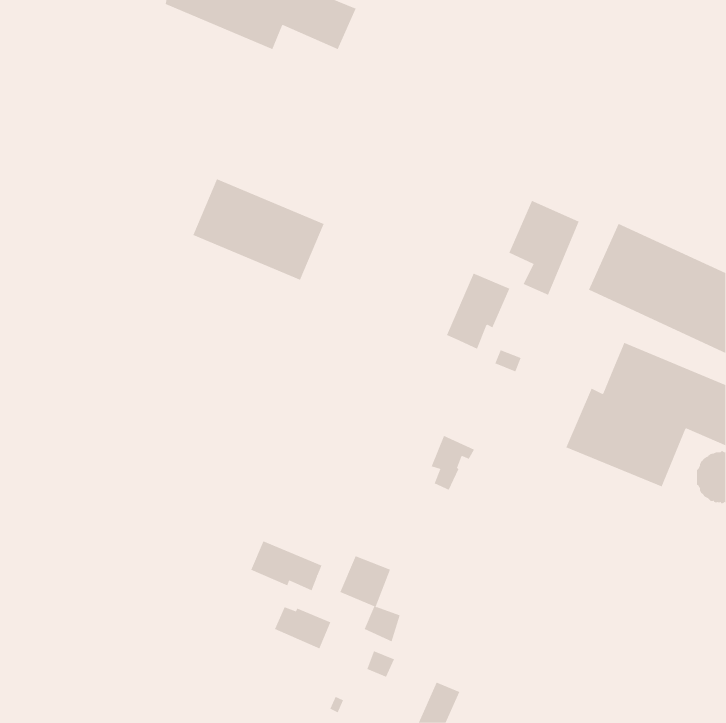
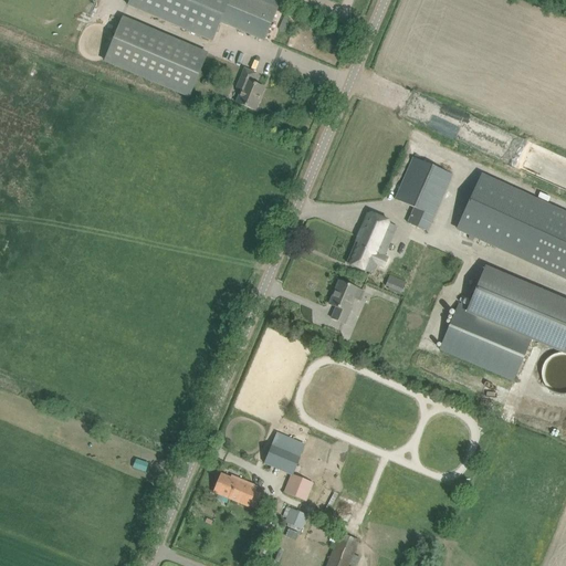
building: none -> [237,66,264,108]
building: [192,178,325,281] -> [104,15,207,95]
building: [431,435,475,491] -> [329,279,364,322]
building: [250,540,322,591] -> none

